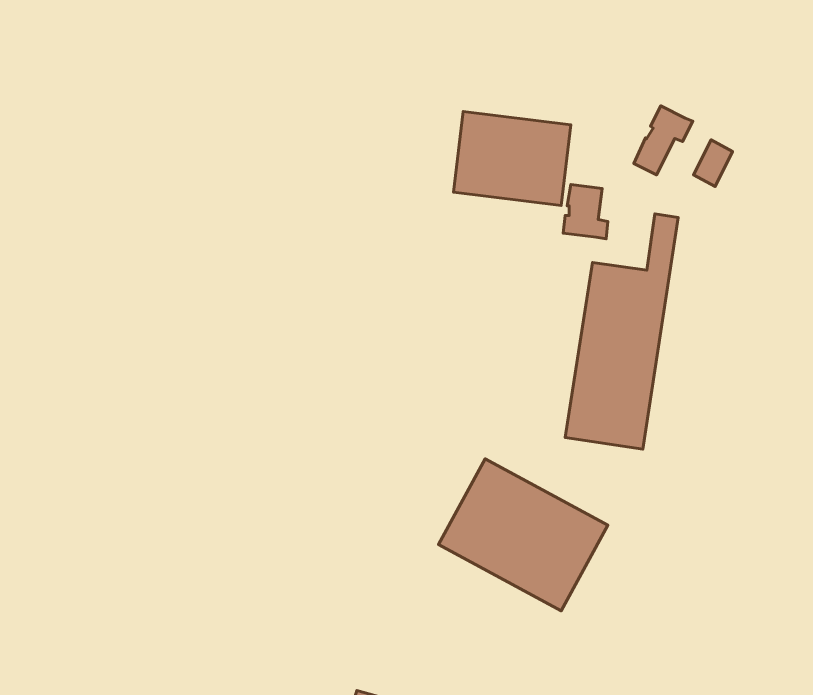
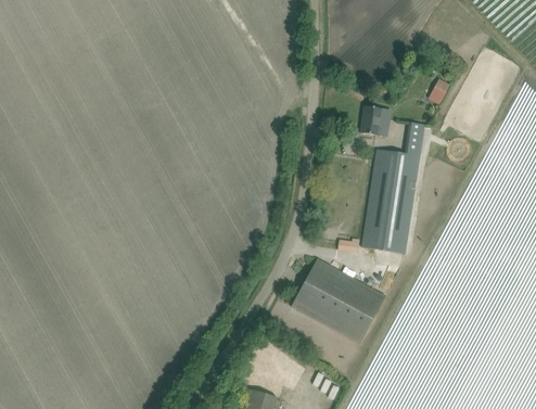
building: [634,106,693,175] -> none
building: [453,112,571,206] -> none

